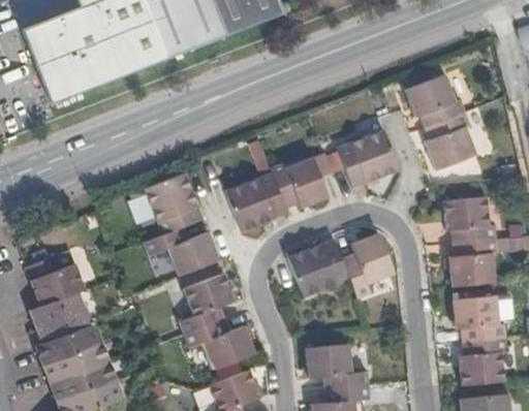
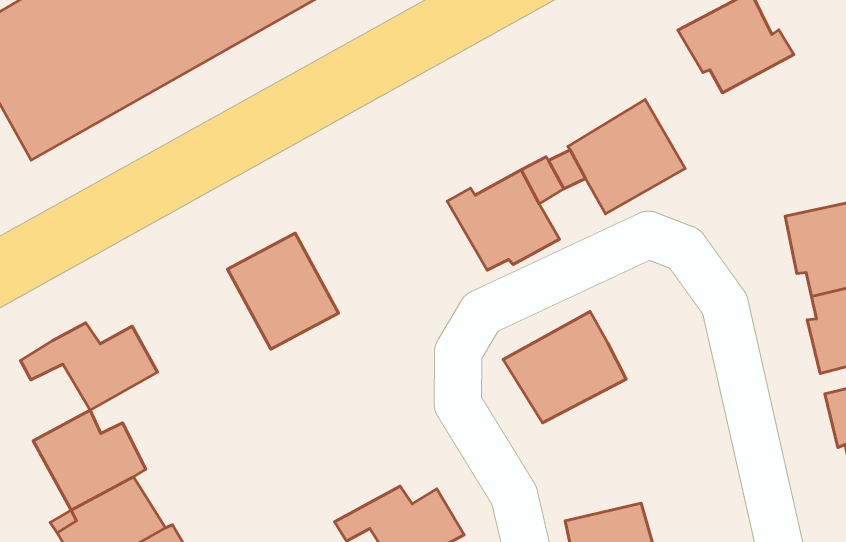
building: [424,113,474,164] -> none
building: [225,171,285,228] -> none
building: [143,226,216,274] -> [20,323,158,410]
building: [344,231,396,294] -> none
building: [179,271,231,331] -> none

